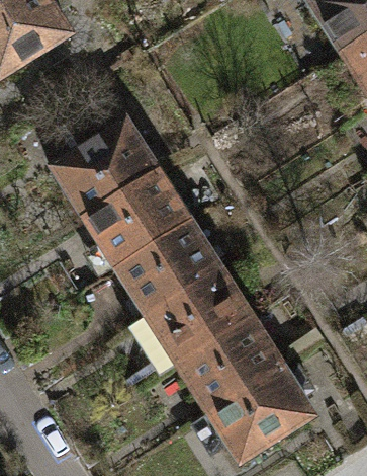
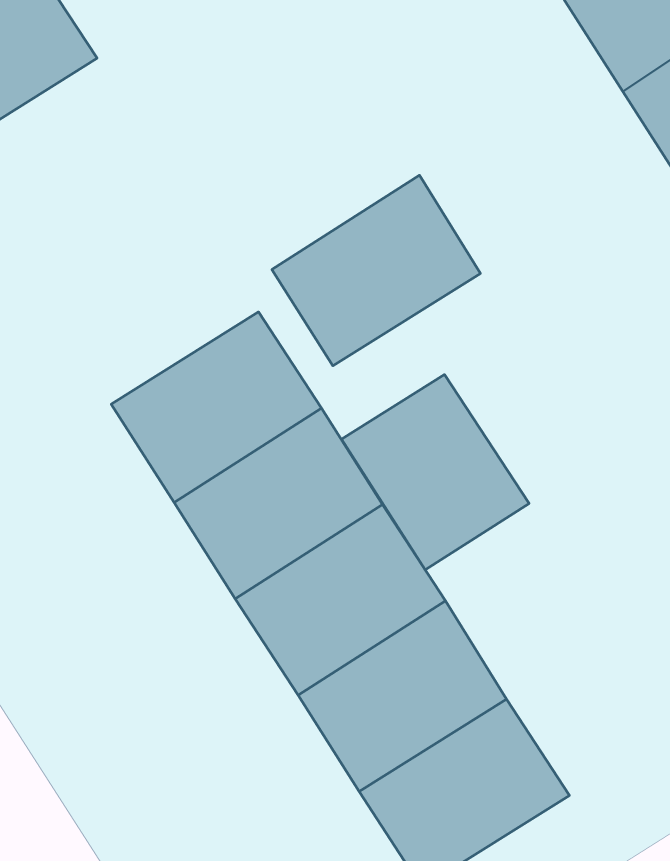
building: [48,114,155,213] -> [272,175,480,366]
building: none -> [342,374,529,570]

